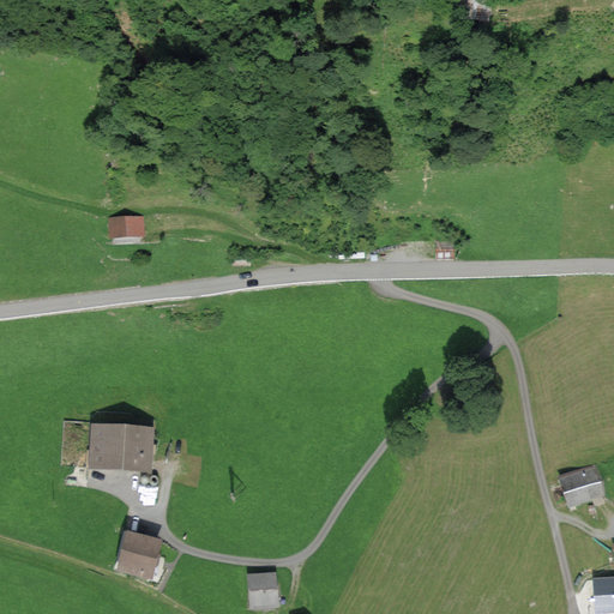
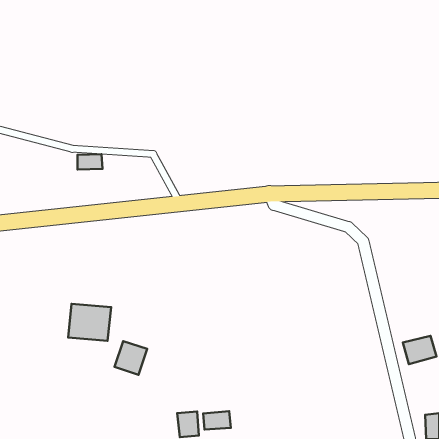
building: [115,529,161,576] -> [114,341,147,375]
building: none -> [203,411,231,430]

